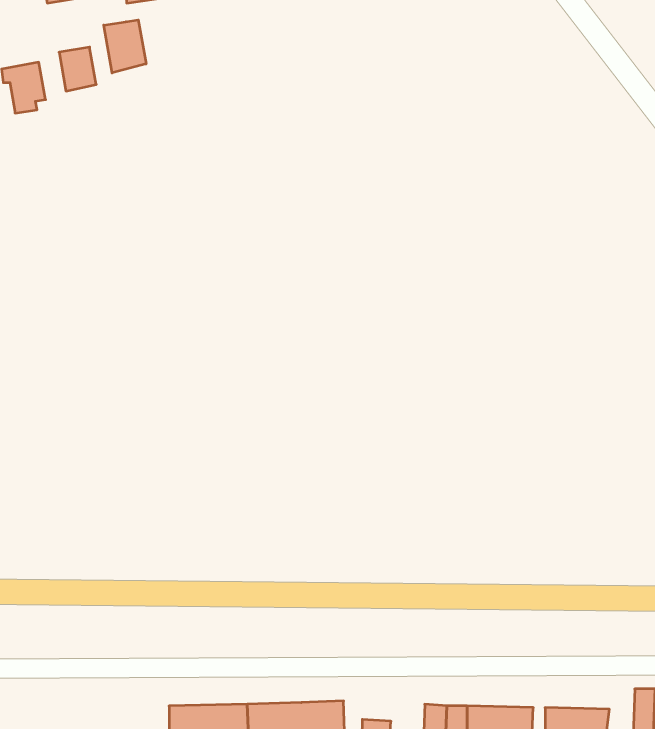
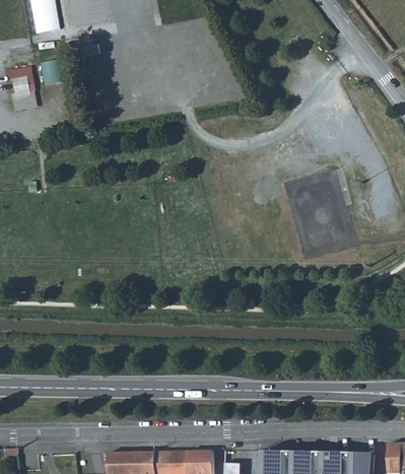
building: [104,20,146,73] -> none

